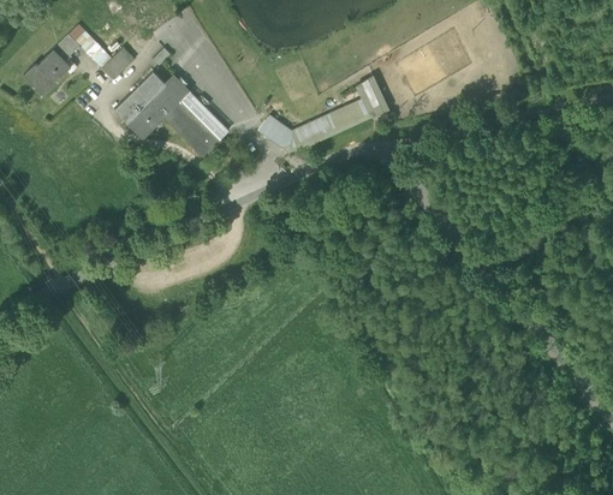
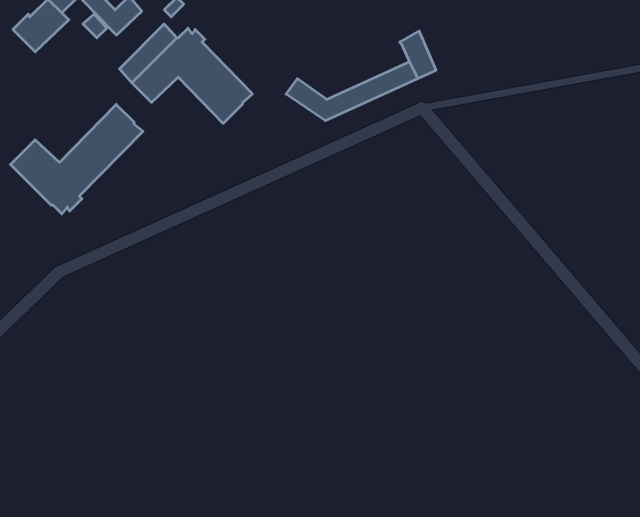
building: none -> [10,104,143,214]

